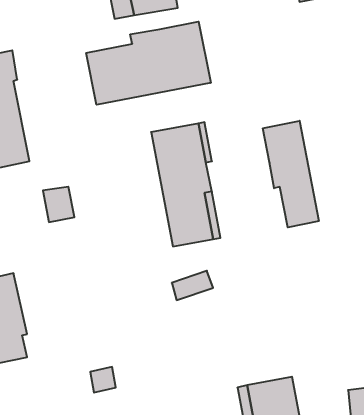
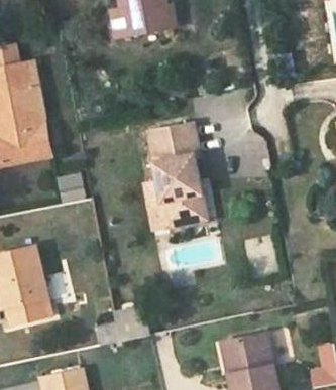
building: [86,22,211,105] -> none
building: [263,121,319,227] -> none

